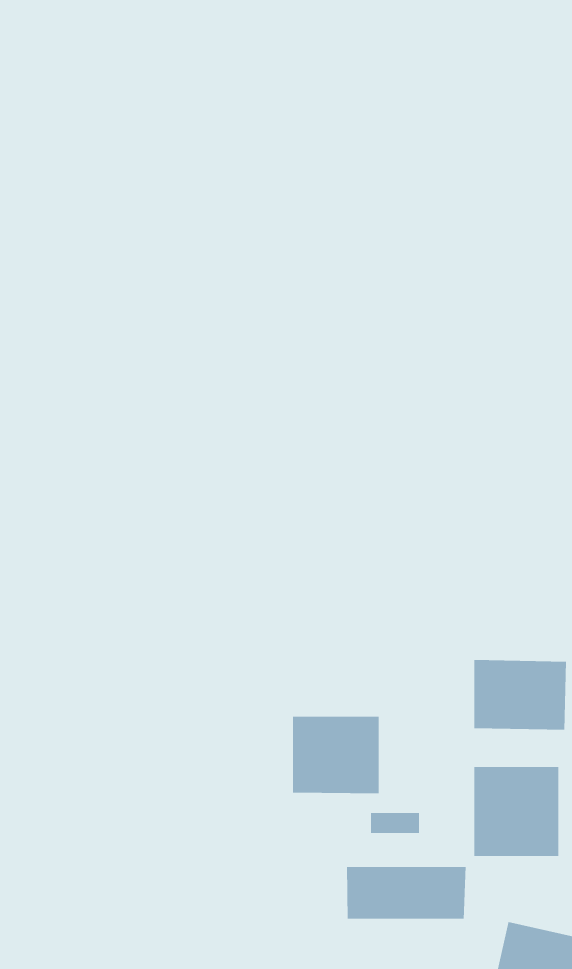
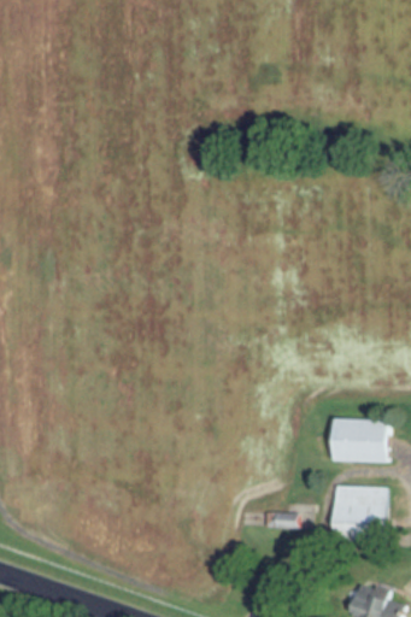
building: [292,716,379,794] -> none
building: [347,866,466,920] -> none

